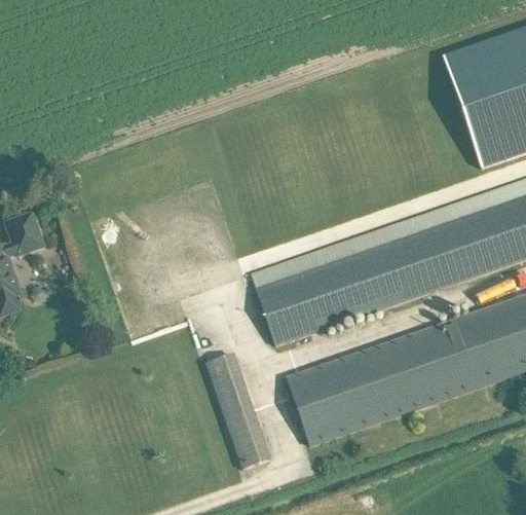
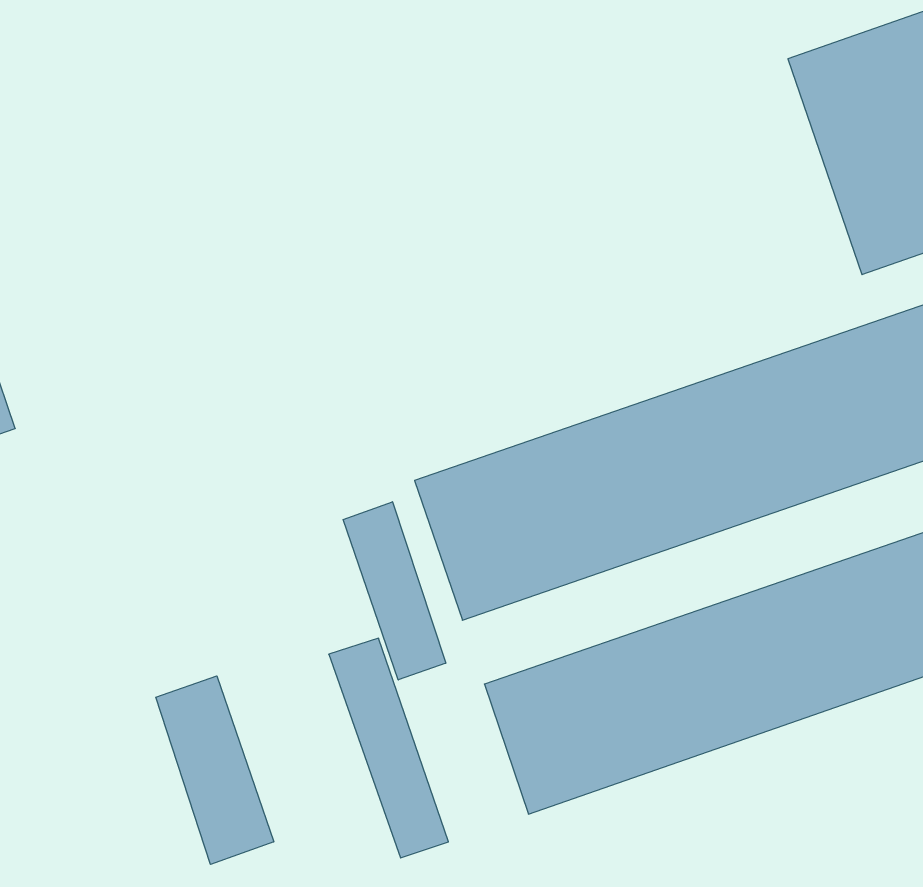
building: none -> [343,502,446,680]
building: none -> [156,676,274,864]

